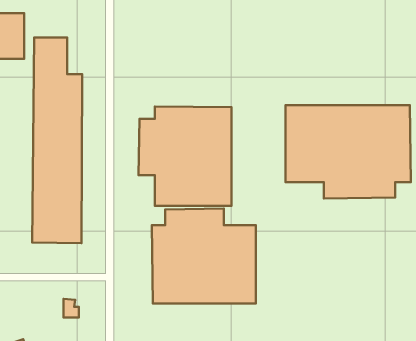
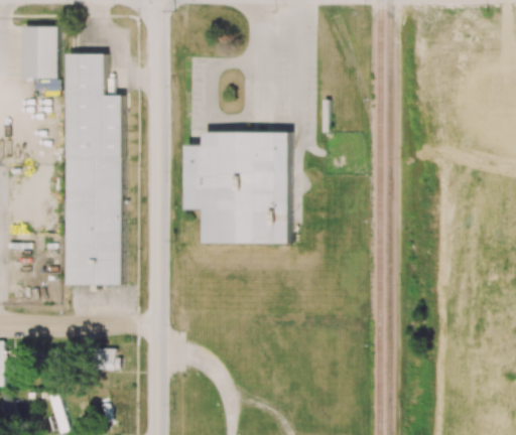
building: [286,105,411,198] -> none
building: [152,209,256,303] -> none

